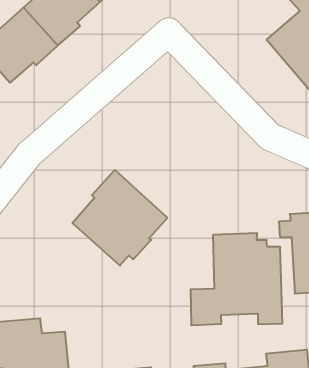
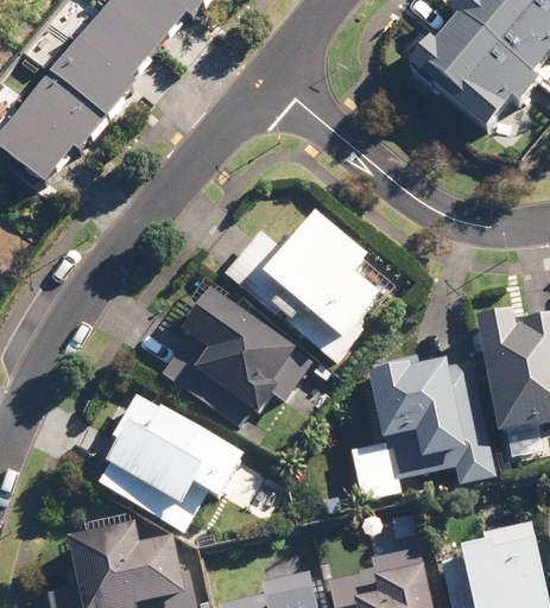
building: none -> [226,211,387,360]
building: none -> [101,392,283,532]

